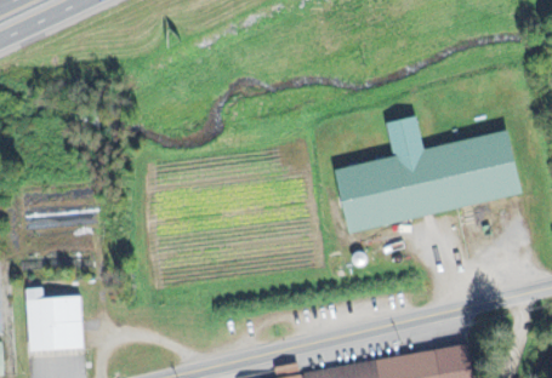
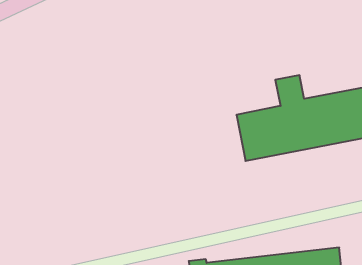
building: [22,288,84,351] -> none

